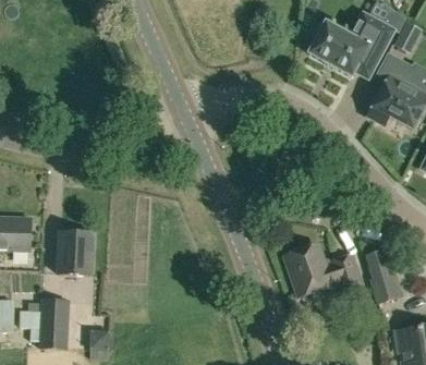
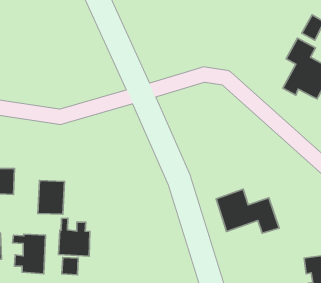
building: [308,13,393,76] -> none
building: [364,247,399,303] -> none
building: none -> [58,218,90,256]

